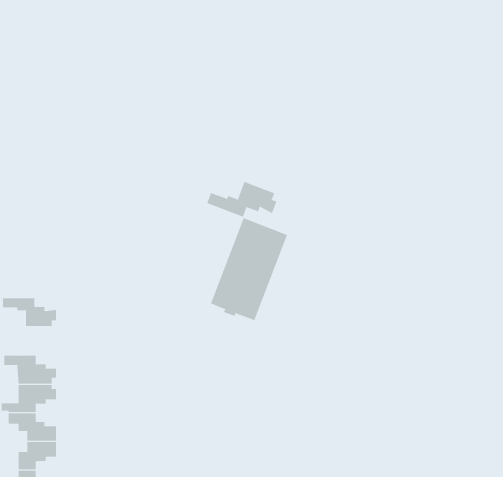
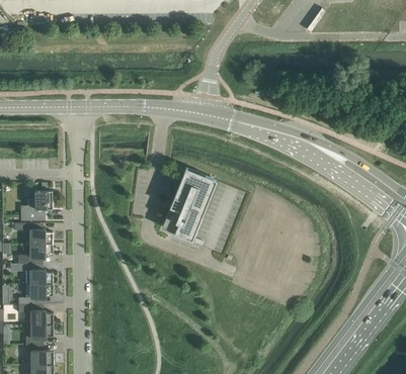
building: [206,181,277,218] -> none
building: none -> [20,183,52,221]
building: none -> [17,244,53,264]

